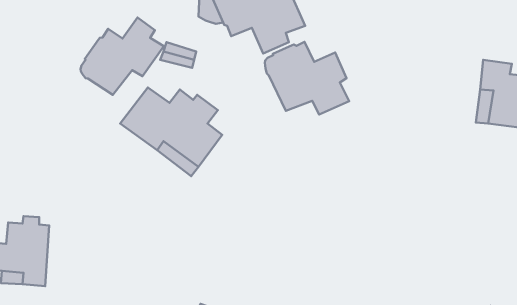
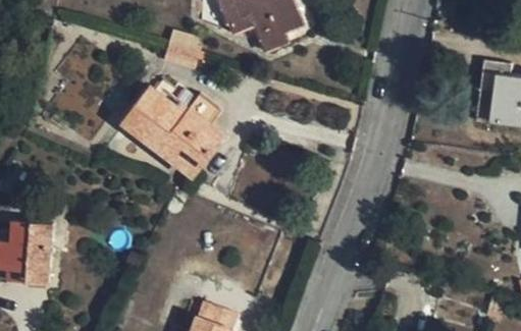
building: [80,18,164,95] -> none
building: [265,42,349,115] -> none

